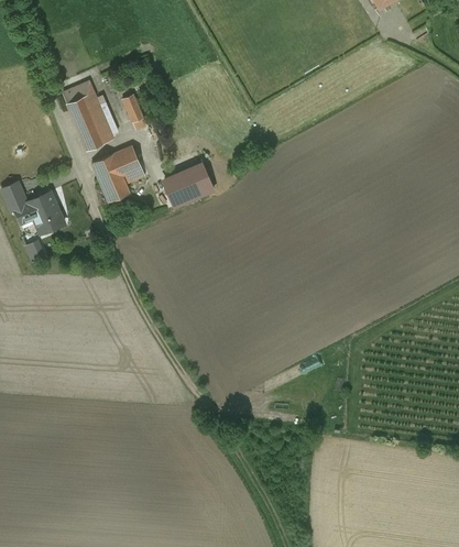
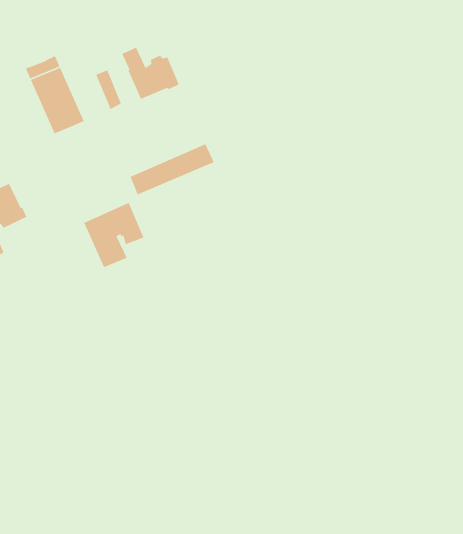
building: none -> [121,47,180,100]
building: [92,144,145,201] -> [83,202,144,268]

